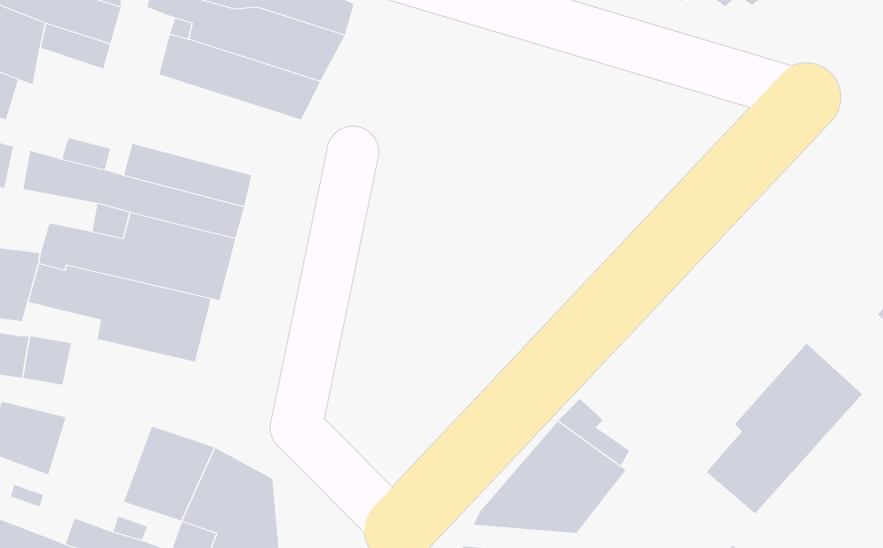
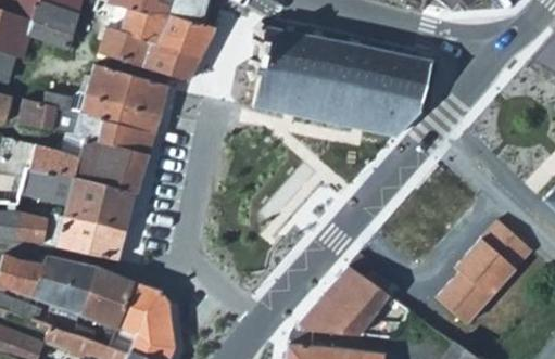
building: none -> [244,18,433,136]
building: none -> [85,65,166,115]
building: none -> [55,216,124,259]
building: none -> [34,256,97,316]

